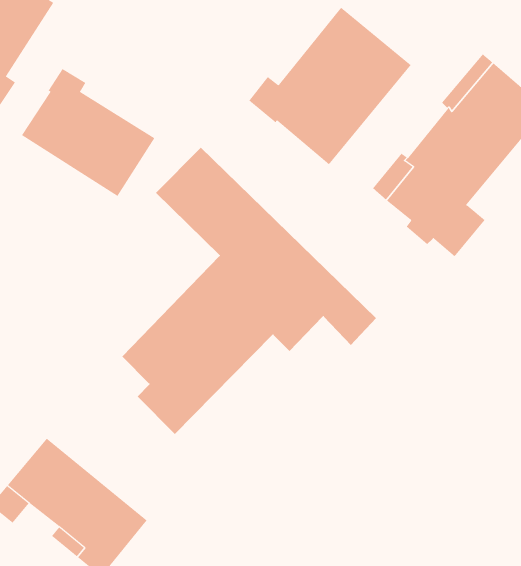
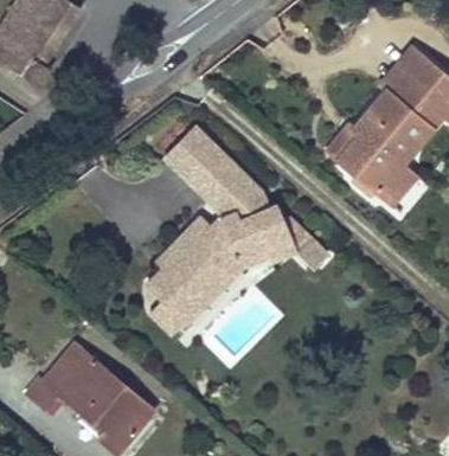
building: [249,7,411,165] -> none
building: [21,68,155,197] -> none

